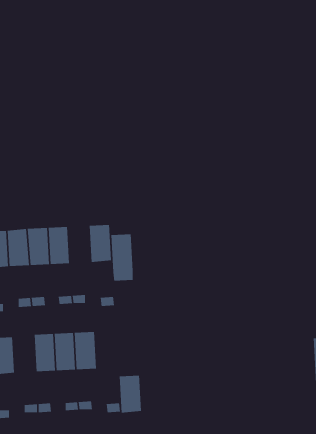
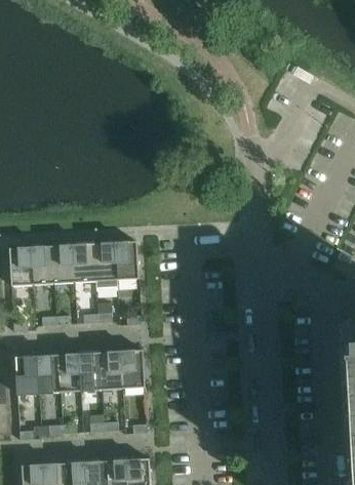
building: [110,234,133,281] -> [93,242,117,290]
building: none -> [37,354,61,393]
building: [119,375,142,413] -> [121,350,145,389]

